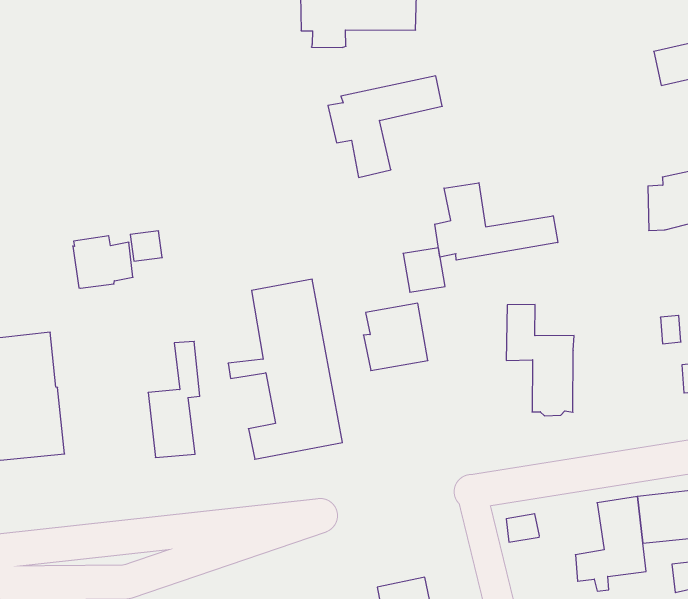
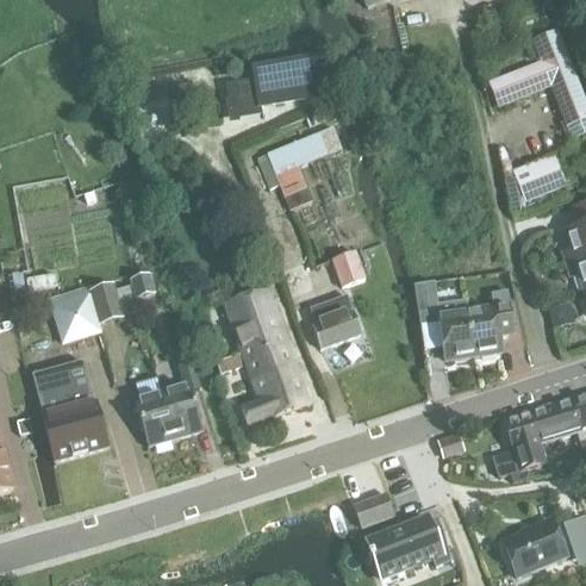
building: [435,183,558,260] -> none
building: none -> [49,285,102,344]
building: none -> [467,288,516,355]
building: none -> [135,391,175,445]

